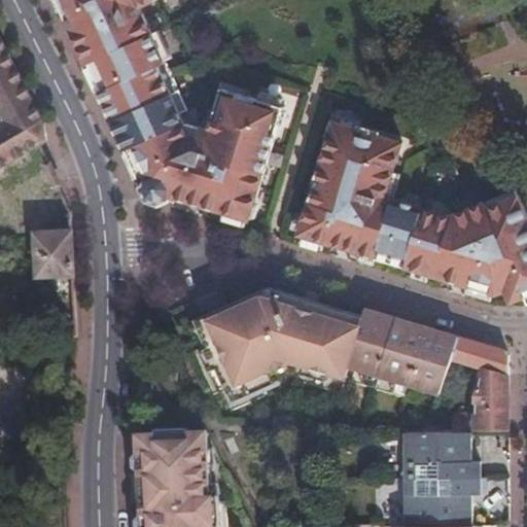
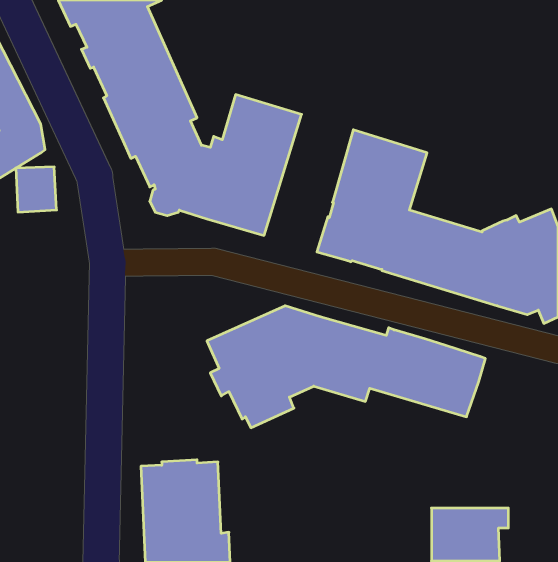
building: [35,232,73,274] -> [16,167,57,212]
building: [448,336,506,427] -> none
building: [402,427,476,476] -> none

